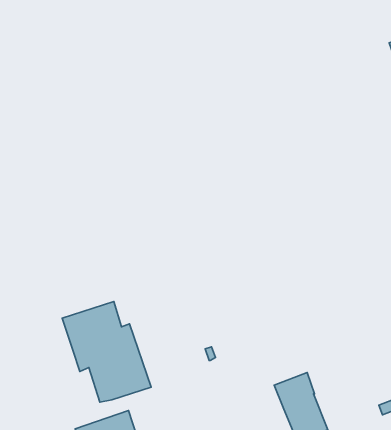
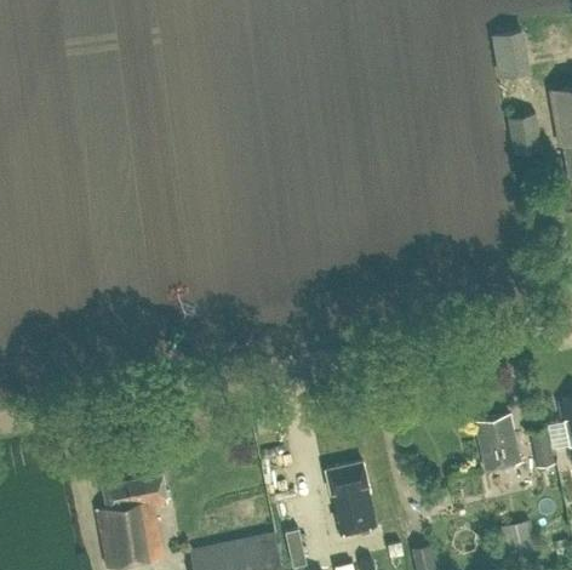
building: [62,301,151,402] -> none

